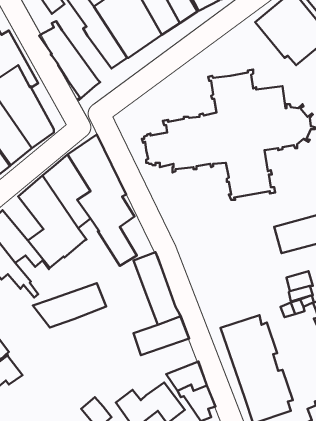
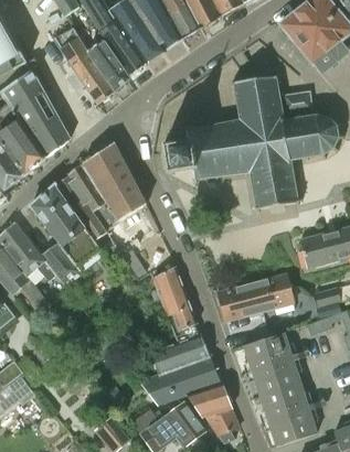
building: none -> [76,28,129,85]
building: none -> [216,273,294,322]
building: [33,283,106,327] -> [142,356,220,402]

